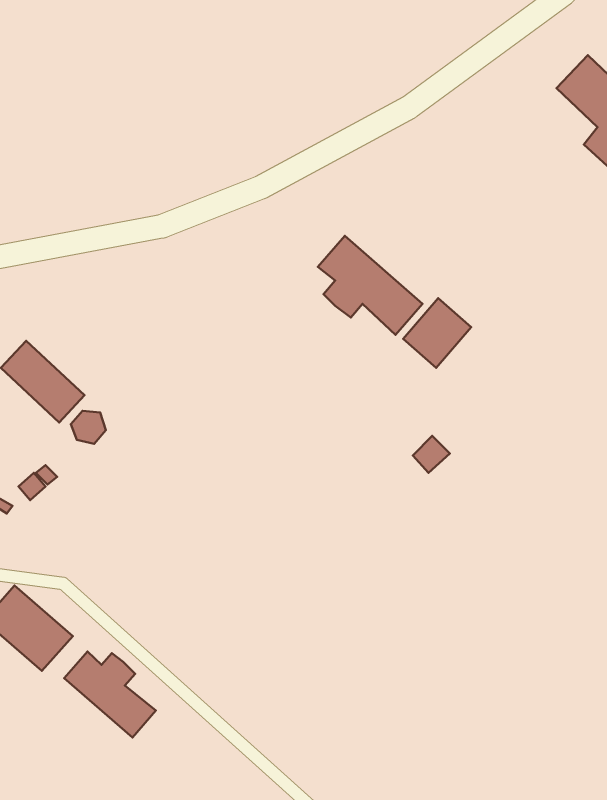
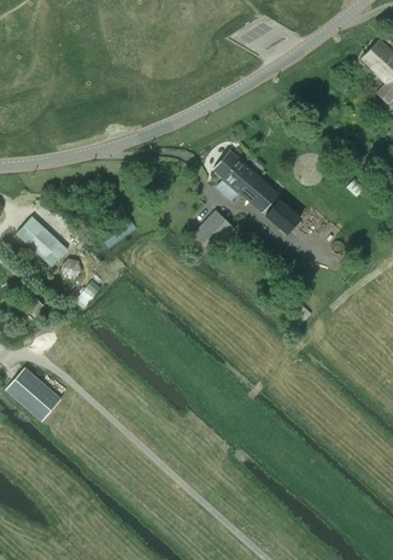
building: none -> [187,209,234,255]
building: [64,651,156,737] -> none

